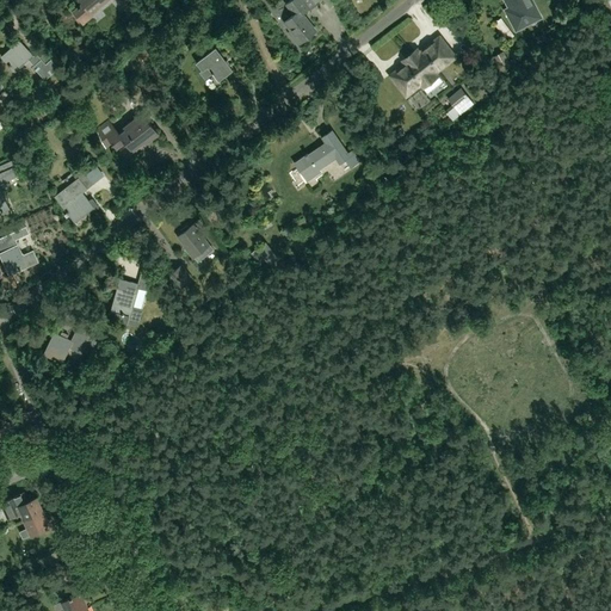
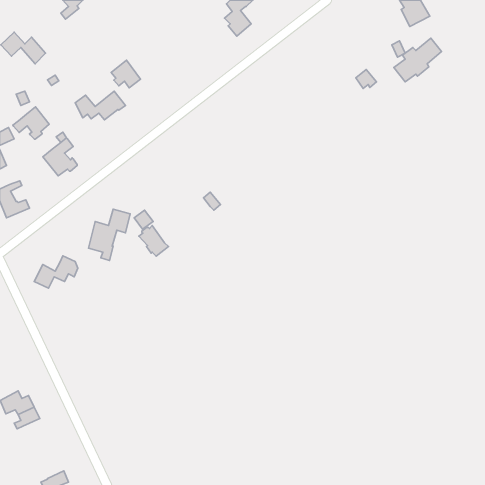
building: [391,41,451,95] -> [394,38,441,82]
building: [195,48,232,82] -> [111,60,141,88]
building: [295,131,358,181] -> none
building: none -> [13,107,49,139]
building: [175,224,212,263] -> [139,226,168,256]

